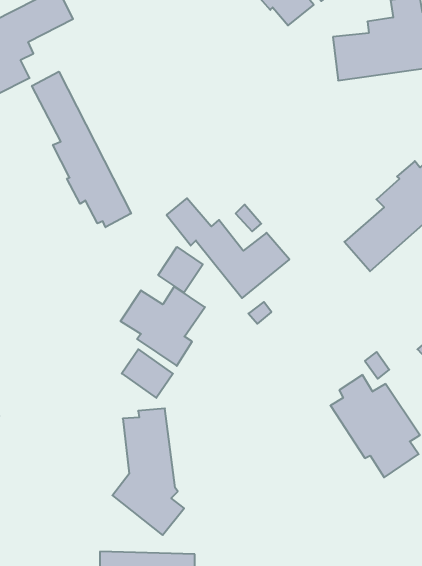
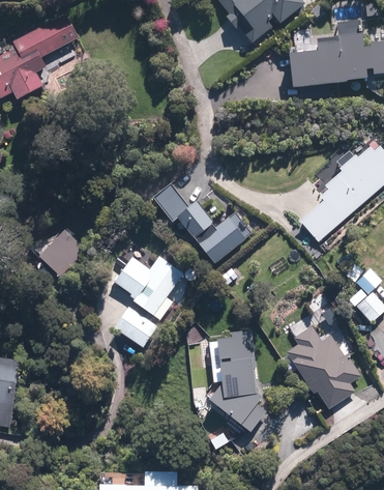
building: [32,72,131,227] -> none
building: [158,247,203,293] -> none
building: none -> [33,224,87,278]
building: [112,408,184,535] -> [208,329,266,432]

